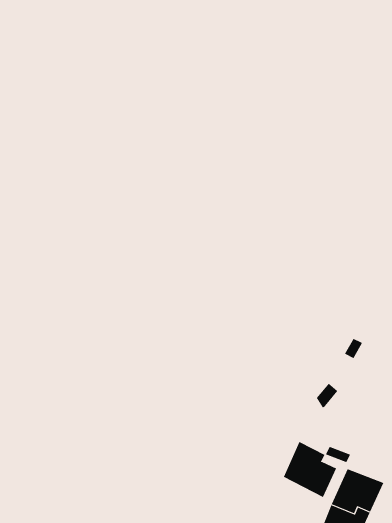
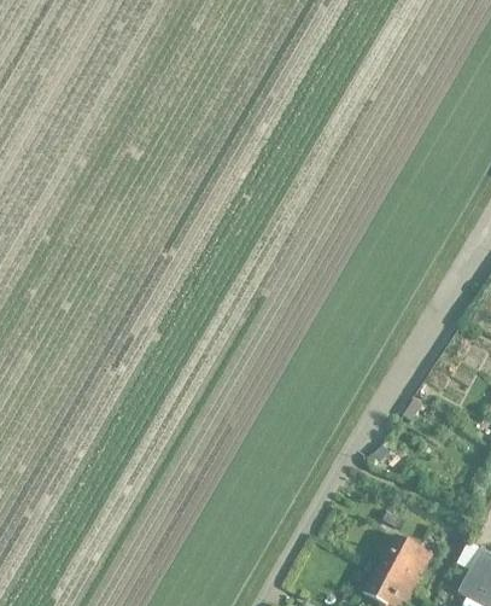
building: [283,441,337,498] -> none

